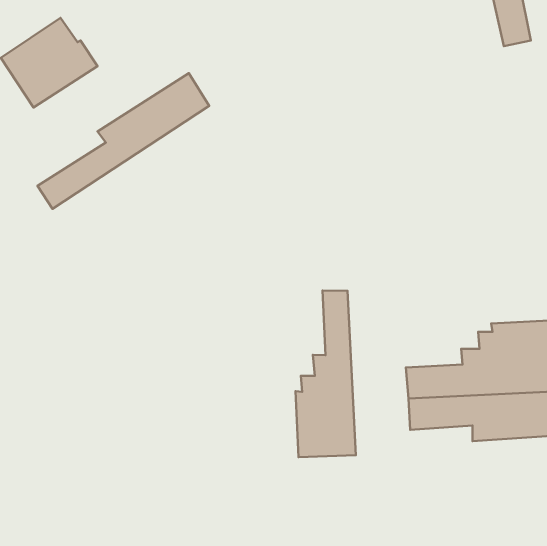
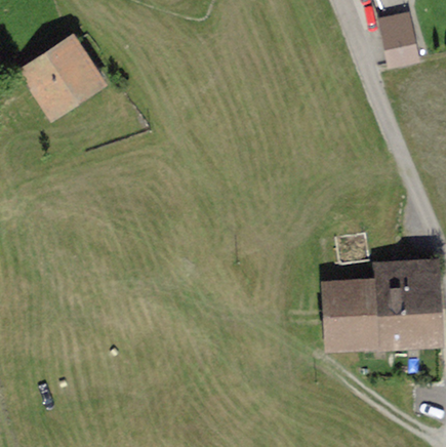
building: [37,73,209,209] -> none
building: [295,291,356,457] -> none

